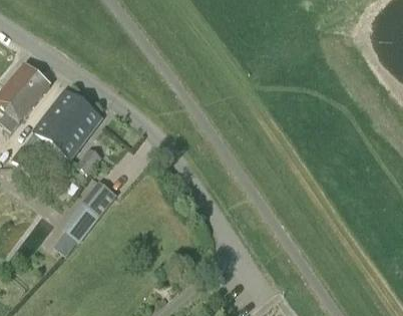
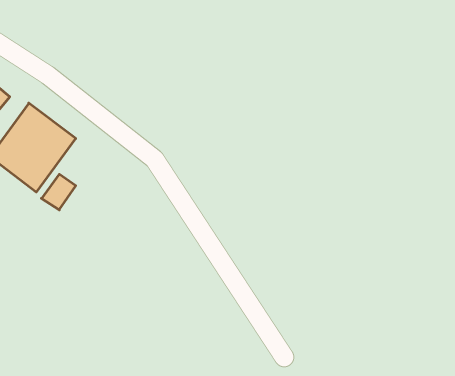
building: [61,179,116,241] -> none

